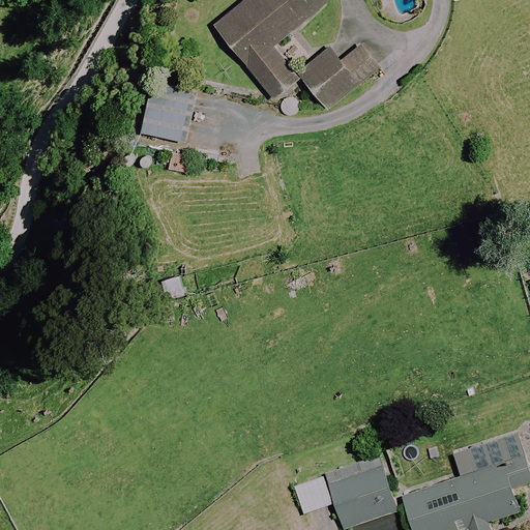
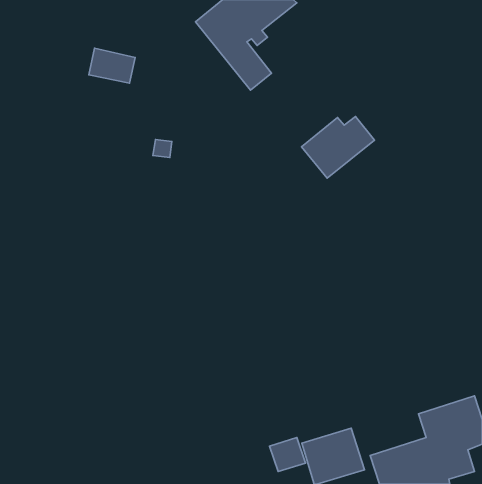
building: [298,40,378,108] -> [301,117,374,178]
building: [141,102,192,141] -> [89,48,135,83]

